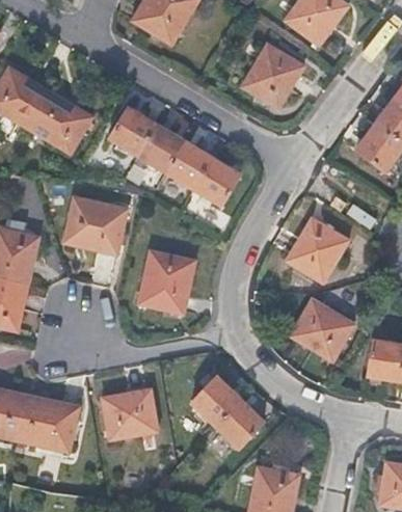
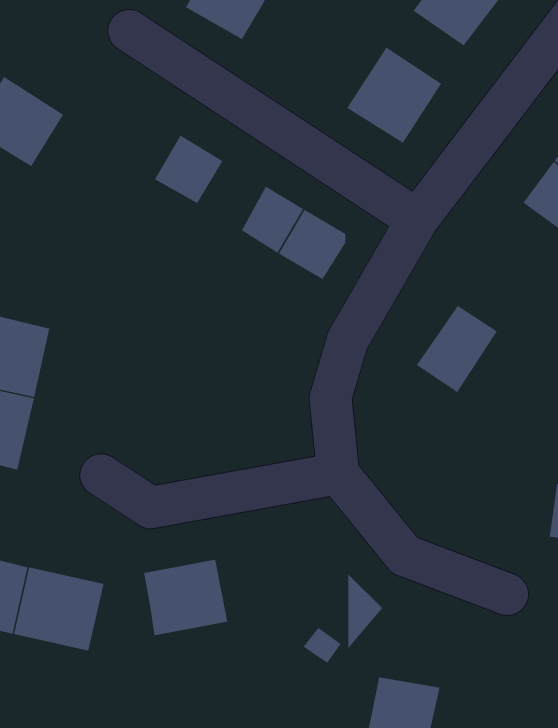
building: [27,92,89,152] -> none
building: [138,124,184,170] -> none
building: [65,197,126,252] -> none
building: [137,250,196,313] -> none
building: [296,300,358,361] -> none
building: [191,380,239,428] -> none

